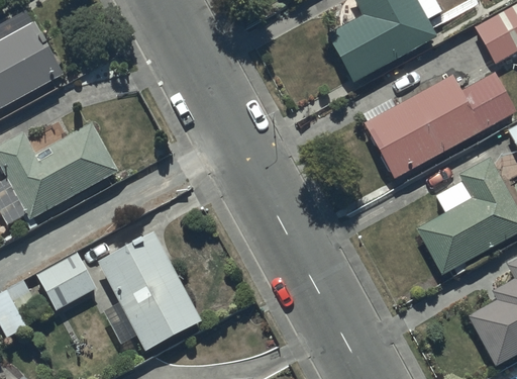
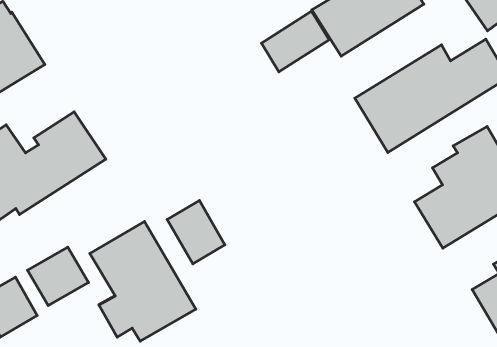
building: none -> [261,11,329,72]
building: none -> [167,201,225,264]

